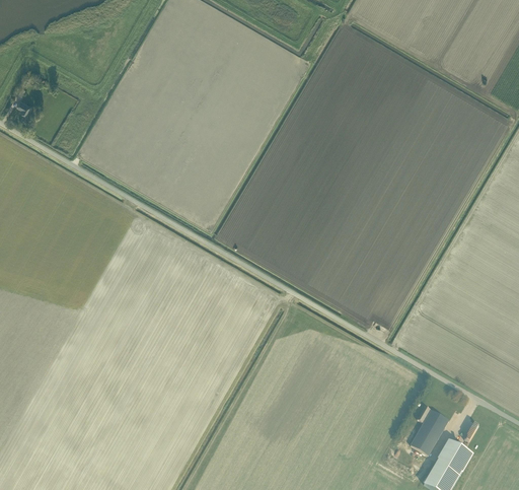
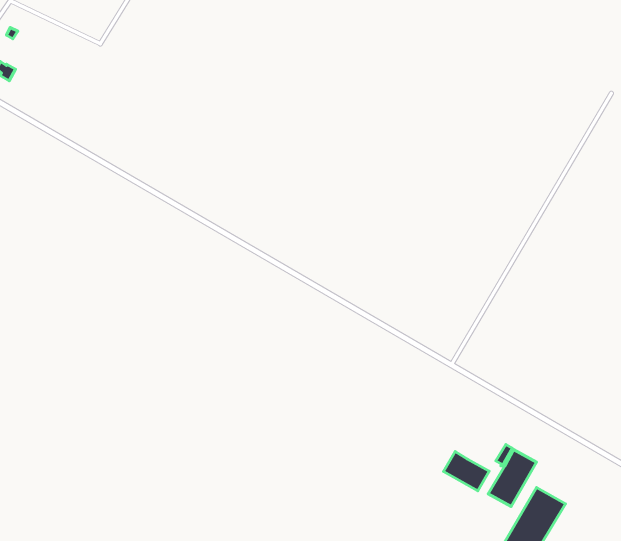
building: none -> [443,452,489,491]

